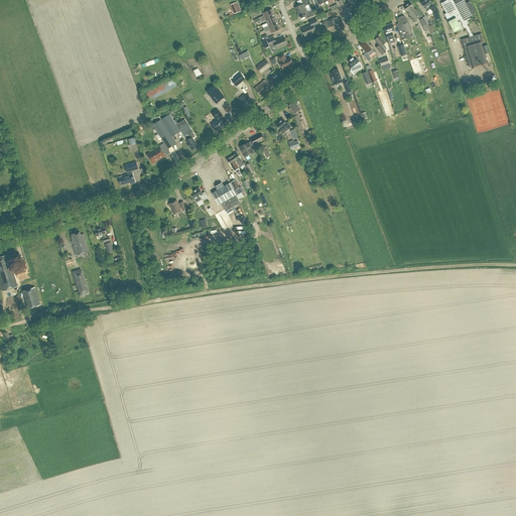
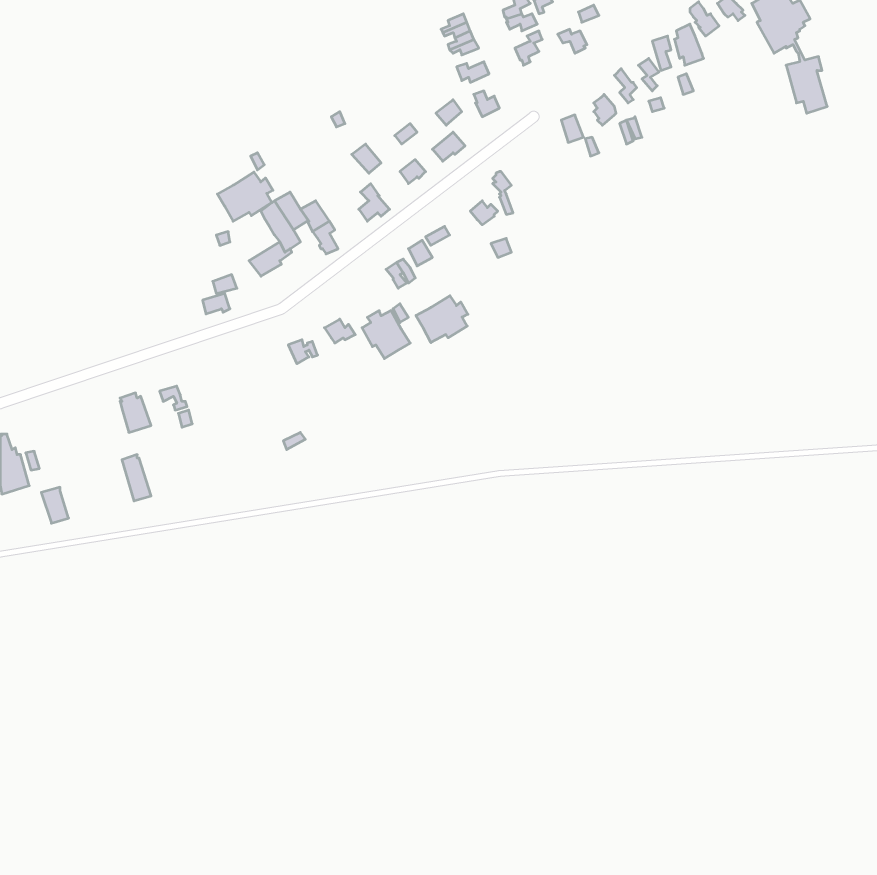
building: none -> [217,172,273,221]
building: none -> [416,296,468,343]

